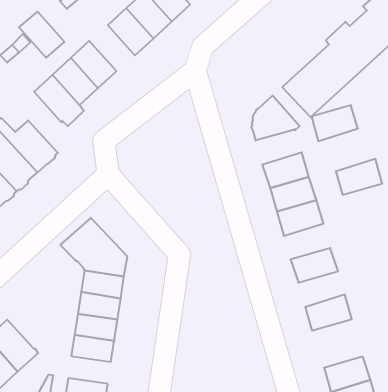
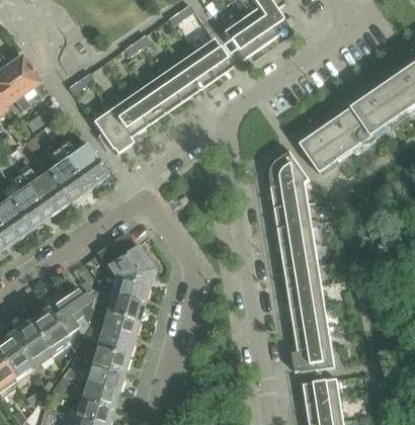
building: [19,12,65,58] -> [144,74,180,113]
building: [311,105,358,141] -> [271,181,309,207]
building: [336,159,382,195] -> [284,263,322,289]
building: none -> [292,305,329,331]
building: none -> [45,286,87,336]
building: none -> [292,346,335,372]
building: none -> [89,346,127,373]

